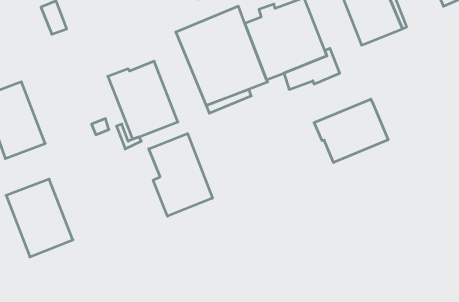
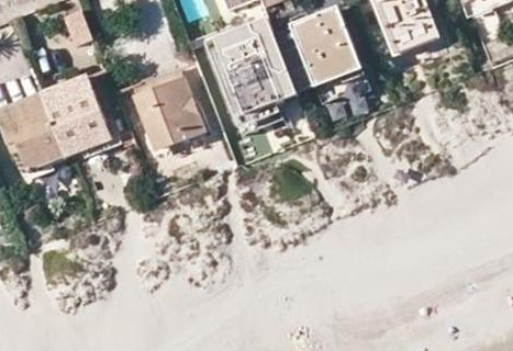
building: [314,99,388,163] -> none
building: [149,134,212,216] -> none
building: [6,179,73,257] -> [46,75,114,154]

